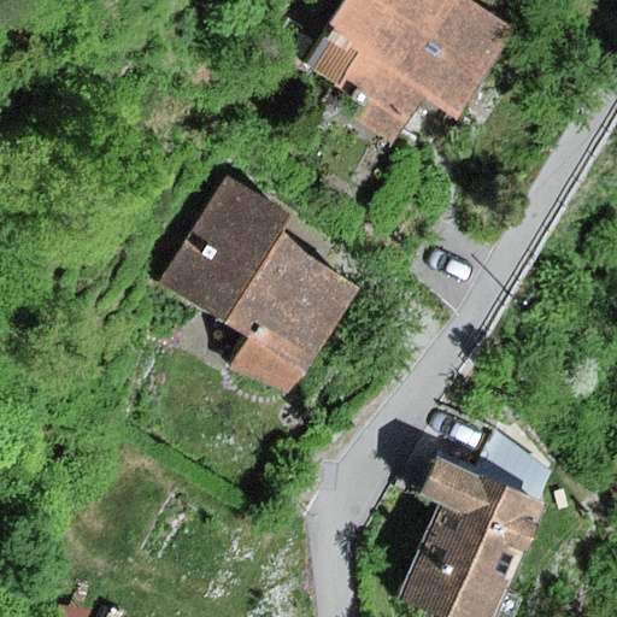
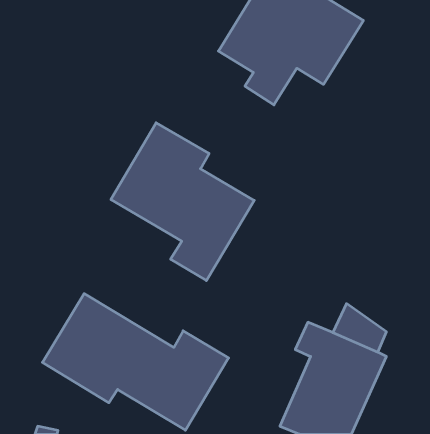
building: none -> [42,294,229,430]

